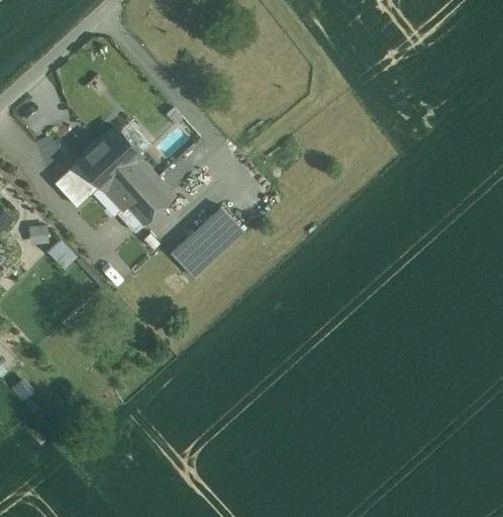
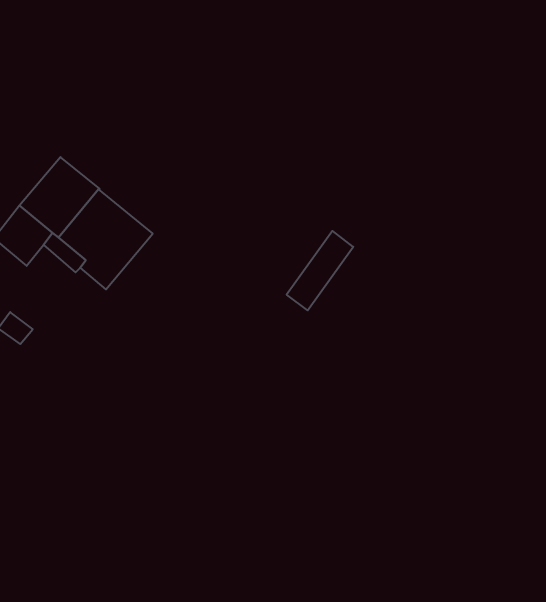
building: [179,212,234,270] -> [287,231,353,310]

